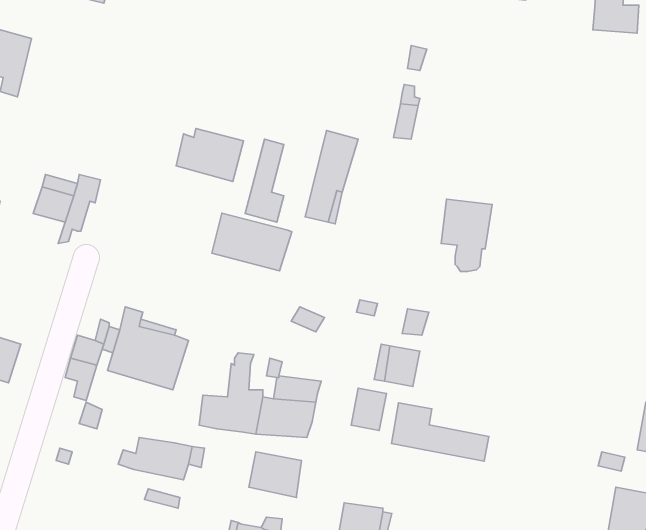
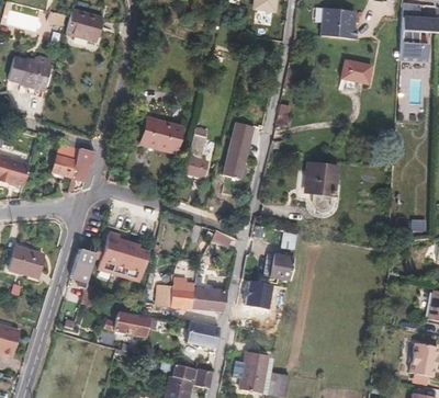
building: none -> [340,59,372,84]
building: [212,213,292,271] -> none
building: [391,403,489,461] -> none

